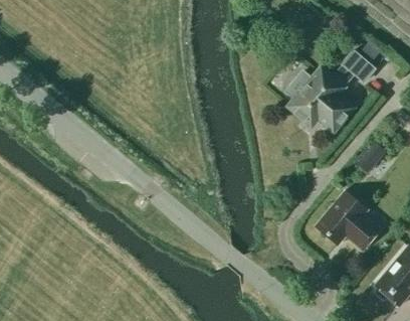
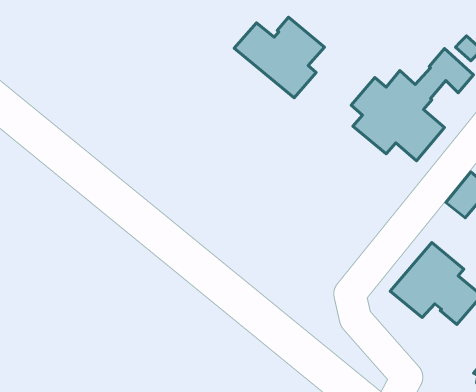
building: none -> [234,17,324,98]

